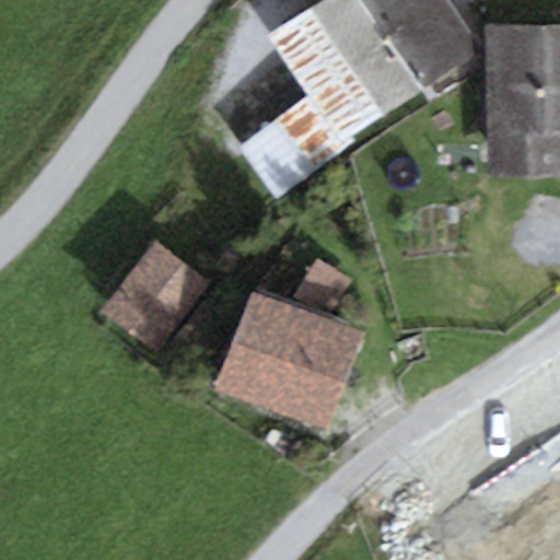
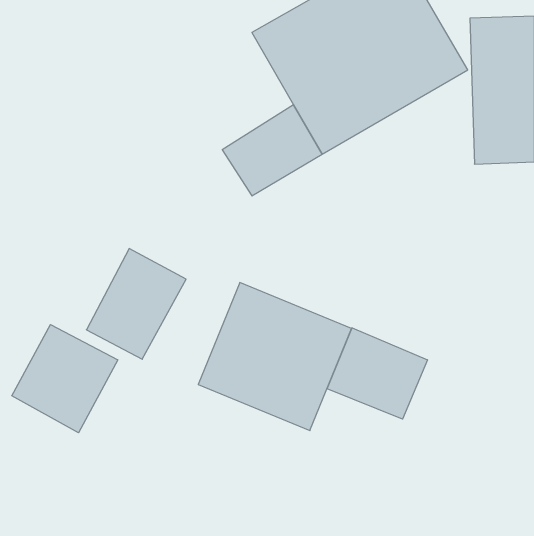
building: none -> [12,325,118,433]
building: none -> [327,328,427,419]

